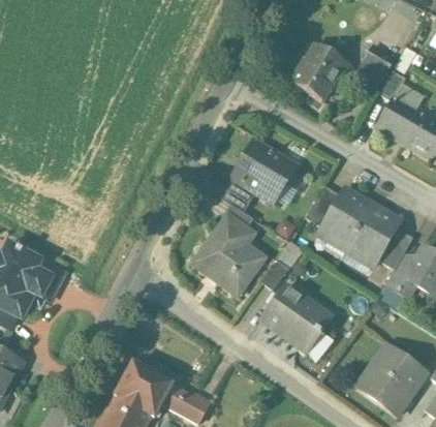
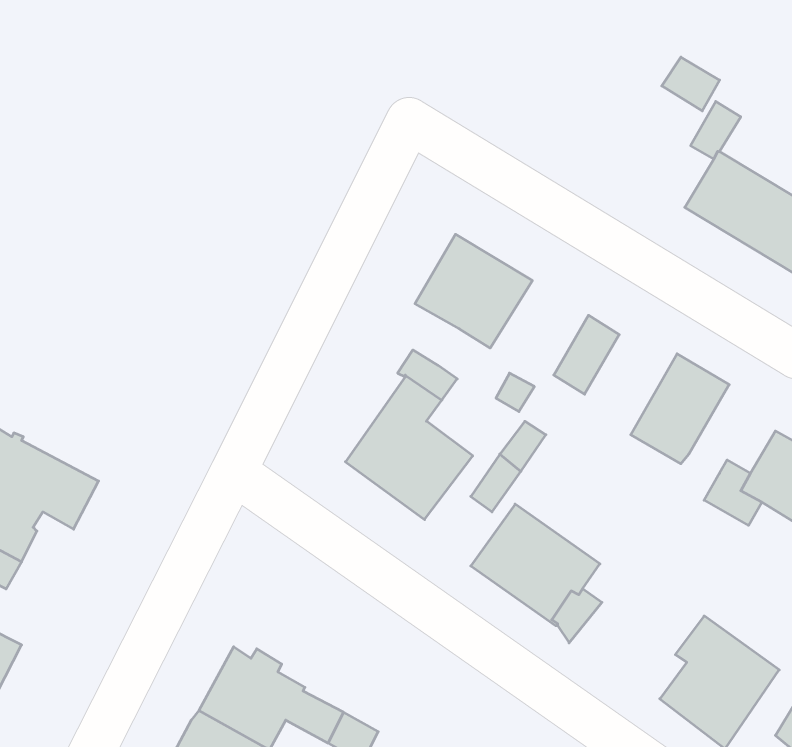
building: [290,43,351,98] -> none
building: [220,177,254,210] -> none
building: [318,188,371,247] -> none
building: [377,225,412,268] -> none

